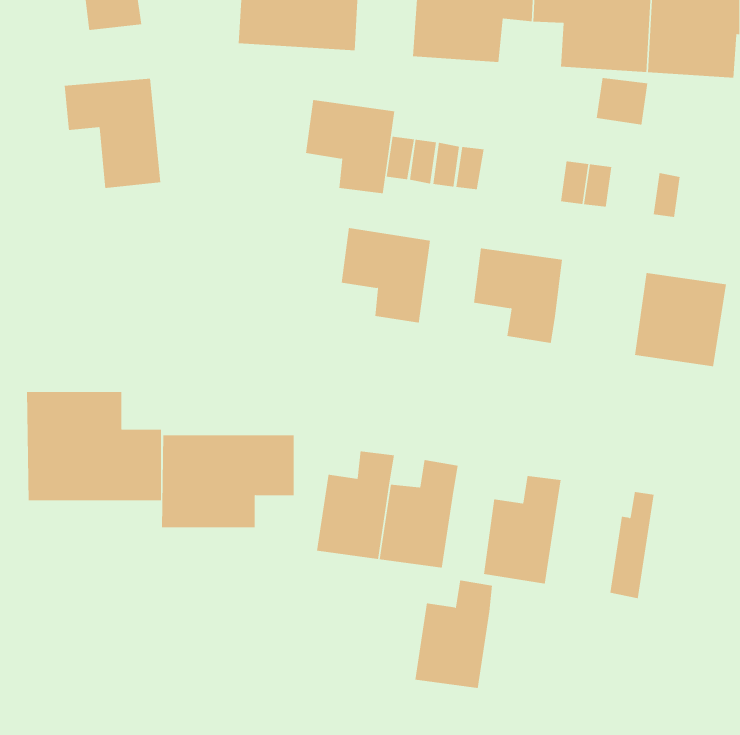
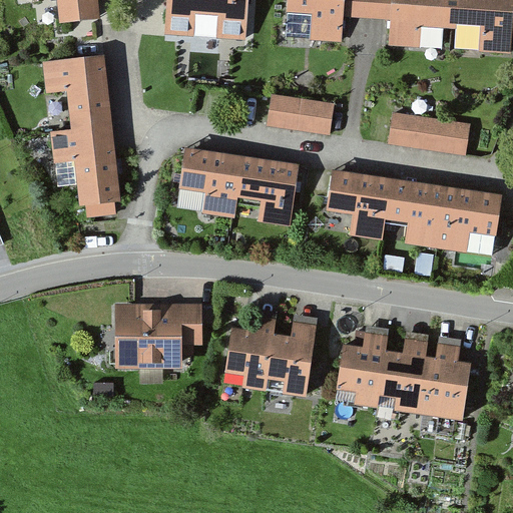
building: [596,77,648,125] -> [419,115,455,148]
building: [305,100,395,194] -> [178,149,240,214]
building: none -> [51,126,118,213]
building: none -> [384,179,446,245]
building: [27,391,161,501] -> none
building: none -> [441,342,473,417]
building: [415,580,493,688] -> [377,335,431,410]

